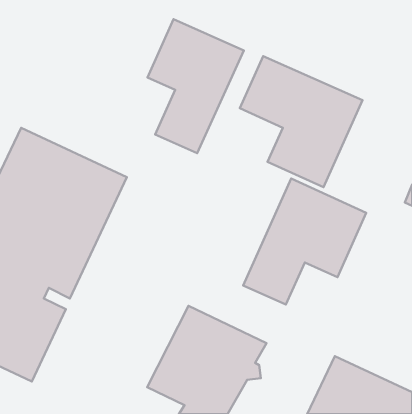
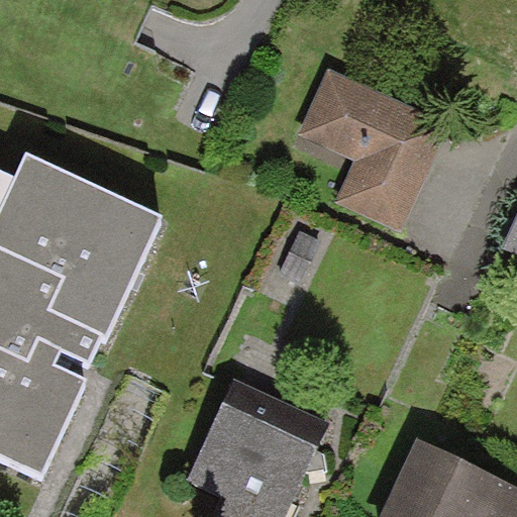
building: [147,19,244,153] -> none
building: [243,178,366,305] -> none

